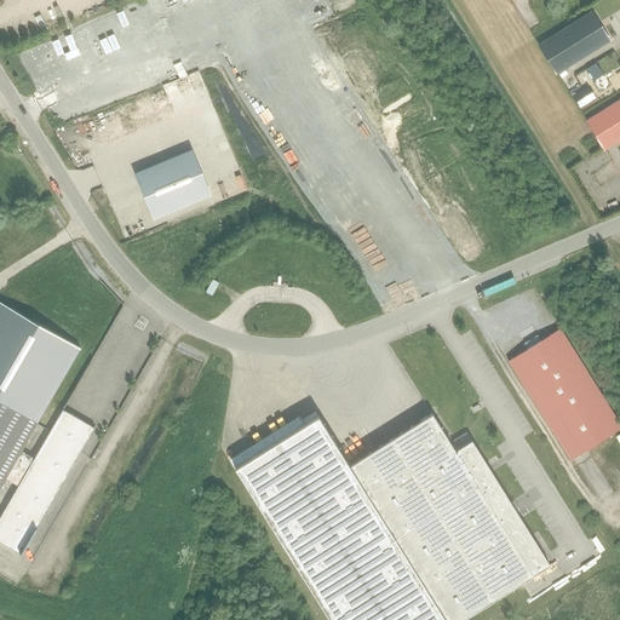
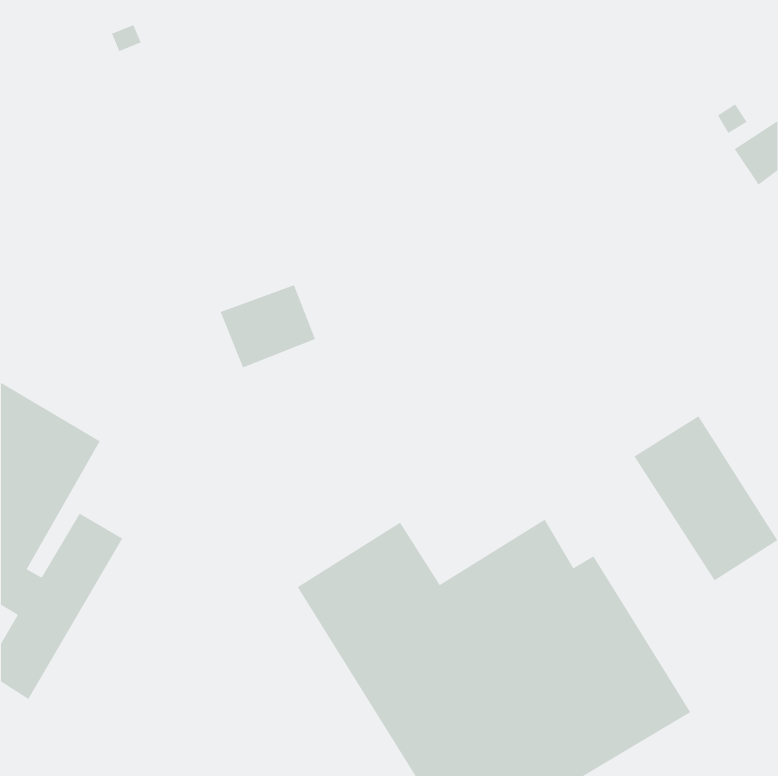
building: [535,8,612,71] -> none
building: [137,150,213,217] -> [220,284,316,368]

